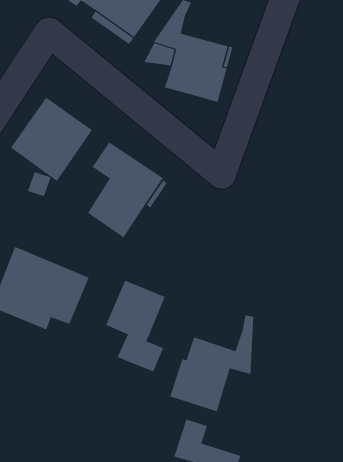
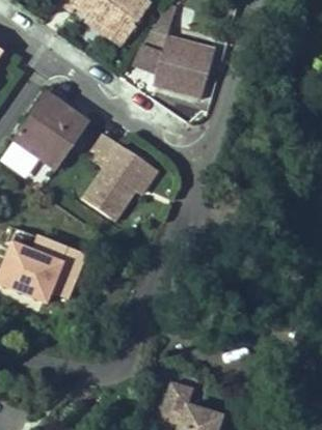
building: [105,280,166,372] -> none
building: [169,315,254,412] -> none

